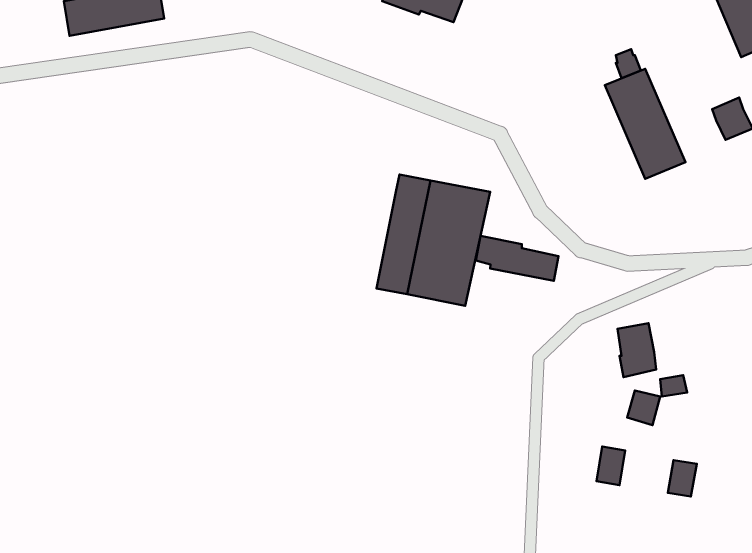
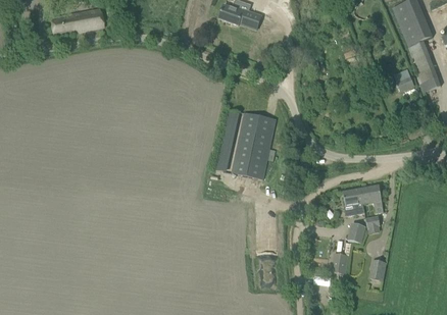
building: [605,69,685,179] -> none
building: [476,236,558,281] -> none
building: none -> [359,183,383,212]

